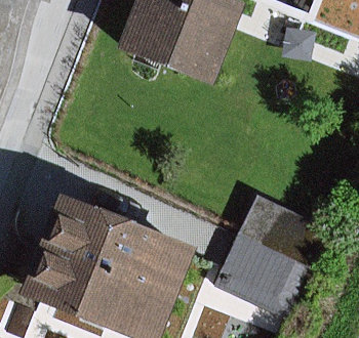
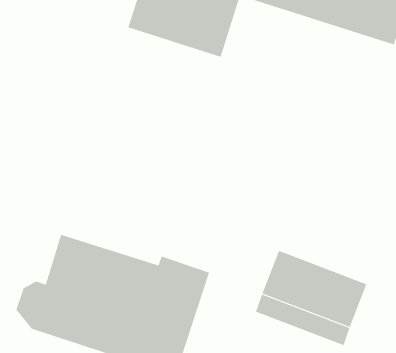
building: [240,194,330,267] -> none

